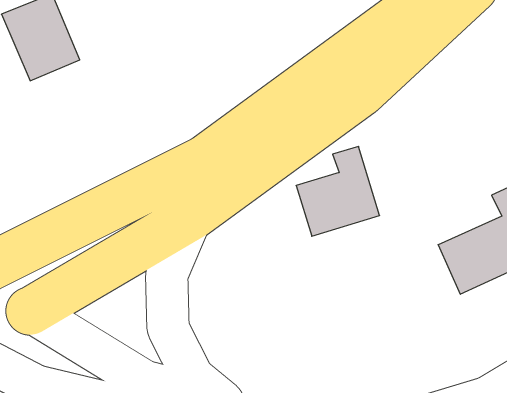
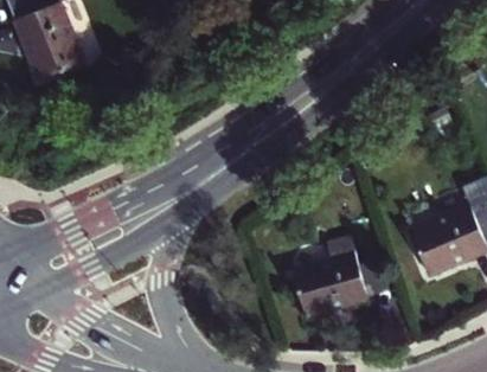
building: [296,146,380,236] -> [293,238,369,320]

